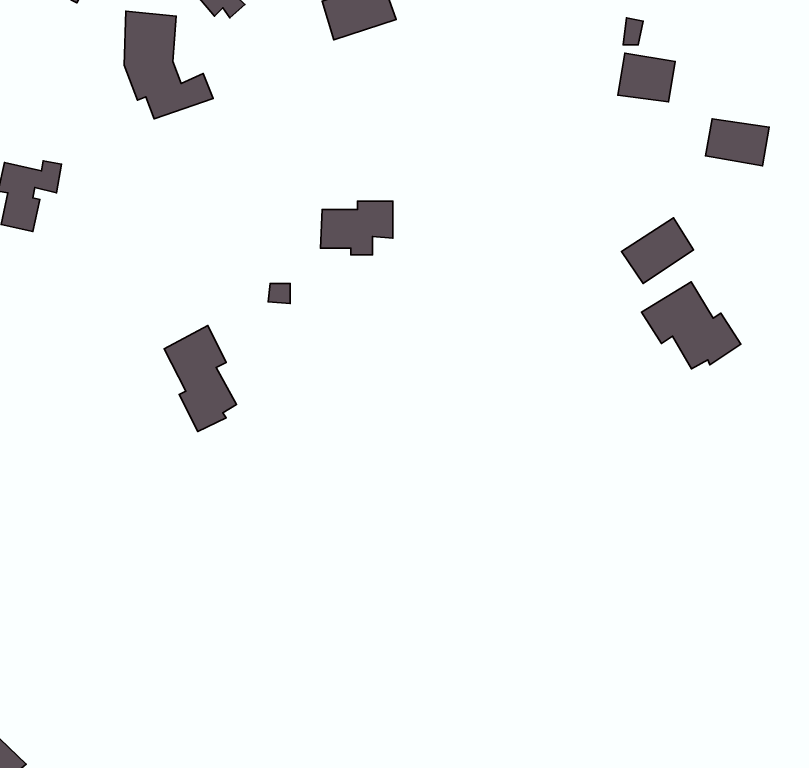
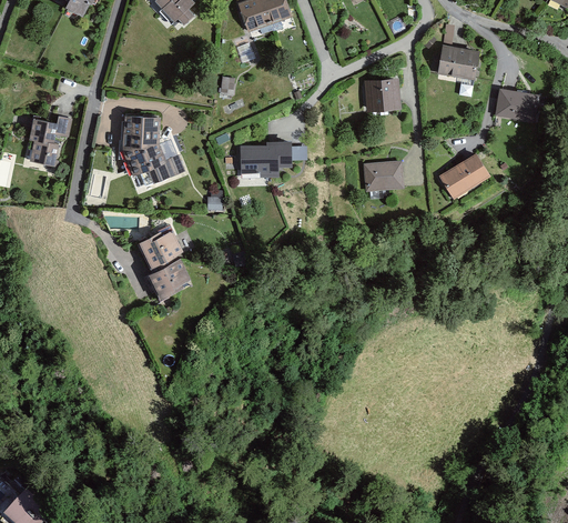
building: [124,11,213,119] -> [124,114,183,185]
building: none -> [364,81,396,110]
building: none -> [365,163,402,188]
building: [641,282,741,369] -> none

